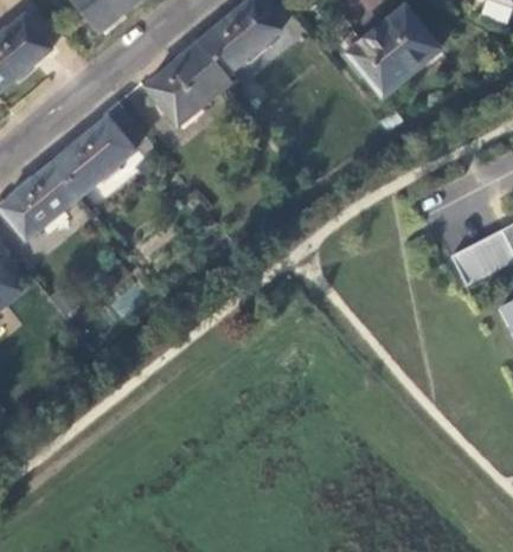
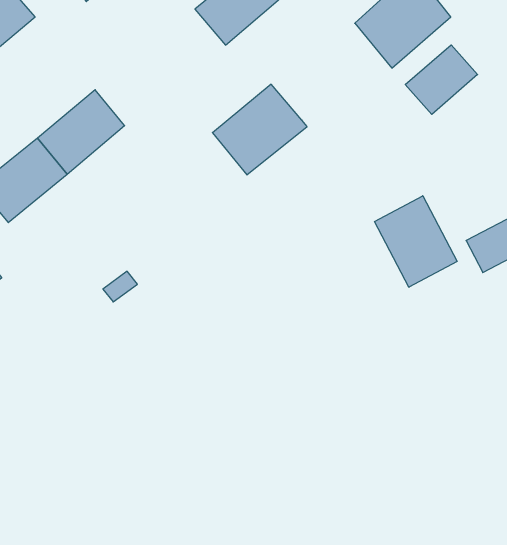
building: [146,40,233,124] -> [212,84,307,175]
building: none -> [405,45,478,114]
building: none -> [375,196,457,287]

